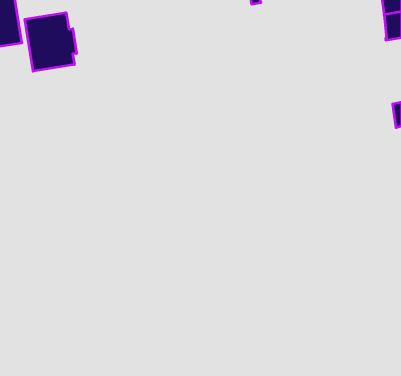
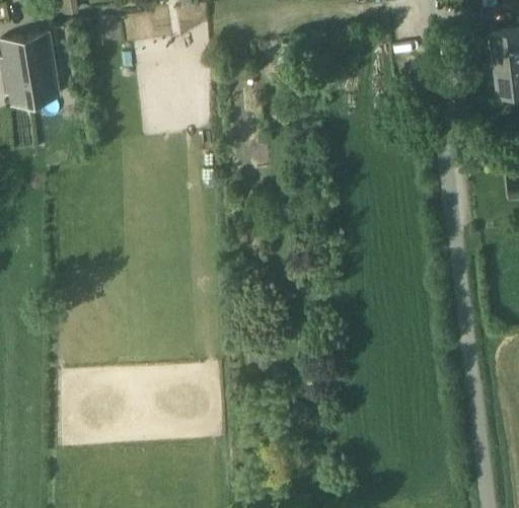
building: [25,13,76,71] -> none

